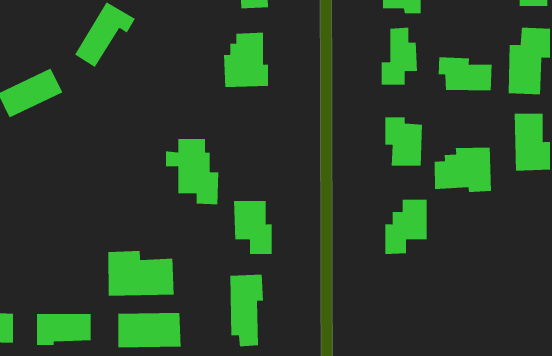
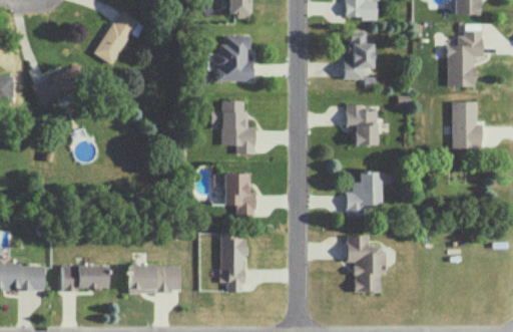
building: [438,57,492,91] -> none
building: [165,139,219,205] -> [211,100,255,154]
building: [434,147,492,193] -> none
building: [108,250,174,296] -> none
building: none -> [347,235,385,292]

